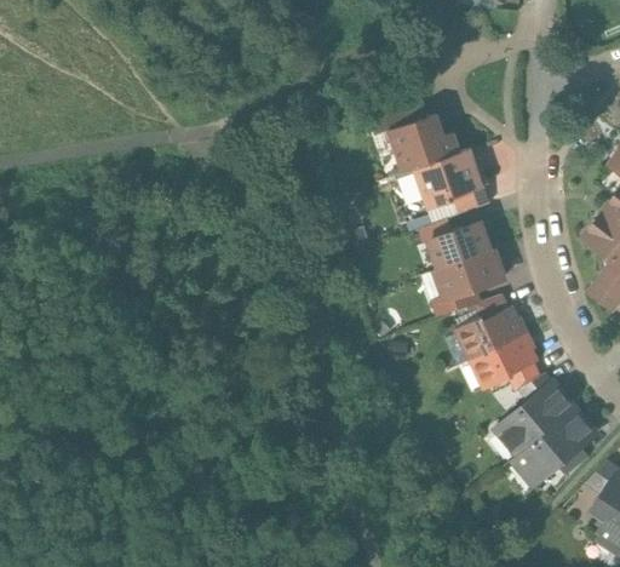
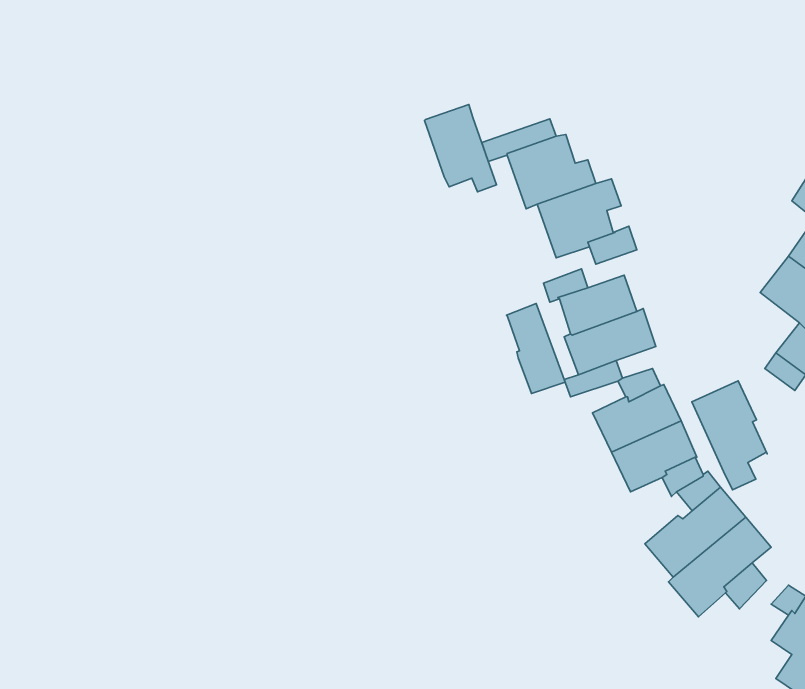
building: none -> [424,104,496,192]
building: none -> [506,304,565,393]
building: none -> [692,381,767,490]

